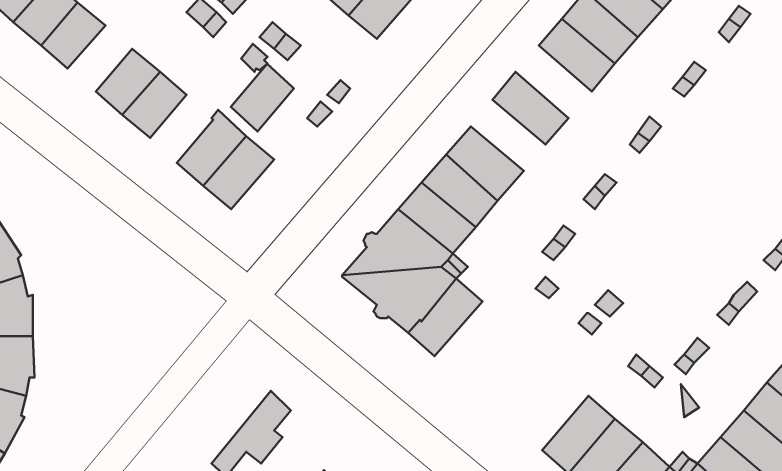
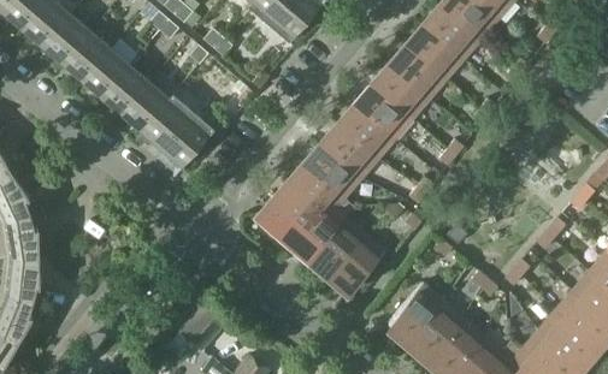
building: none -> [63,31,110,79]
building: none -> [389,46,444,99]
building: [231,64,294,132] -> [123,82,169,131]
building: none -> [356,85,411,137]
building: none -> [330,232,385,290]
building: none -> [388,284,442,340]

